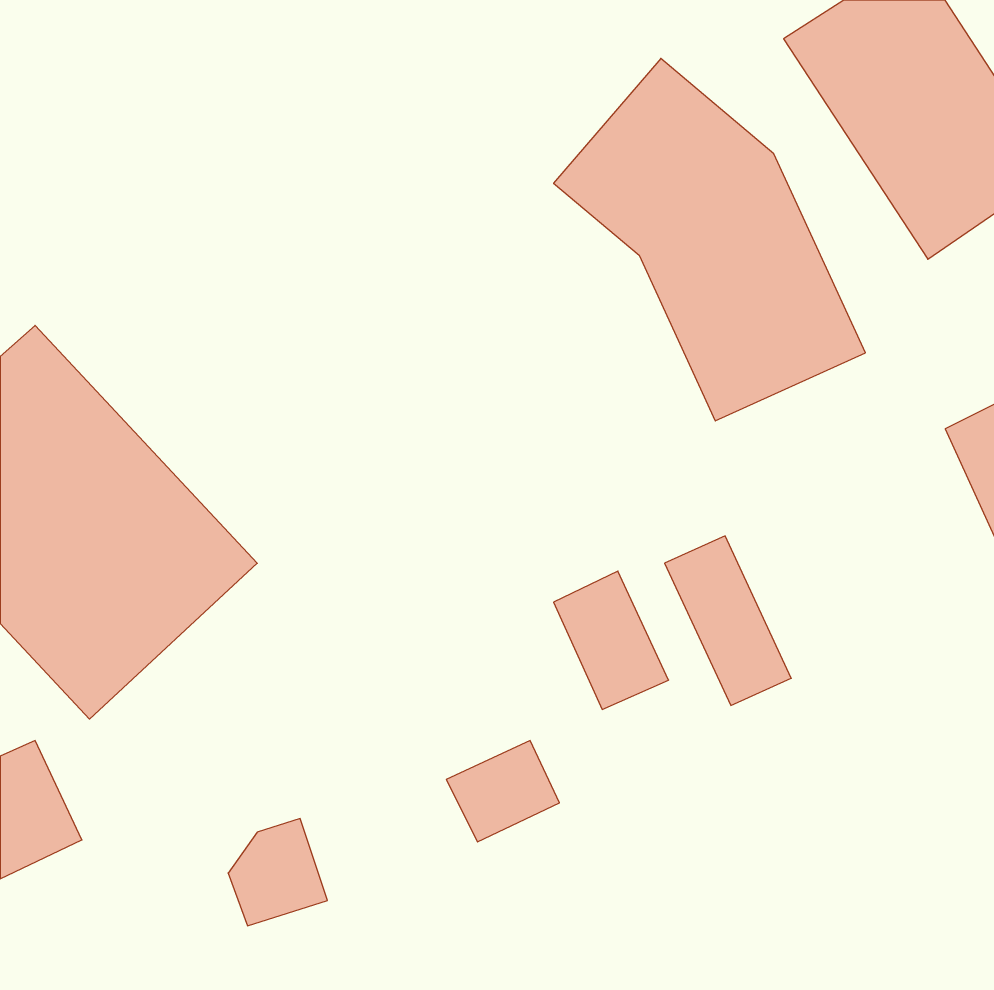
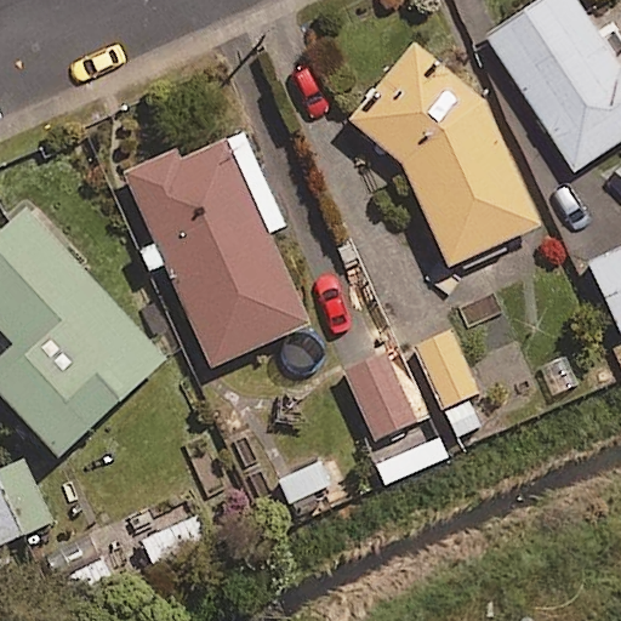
building: none -> [121,137,307,365]

